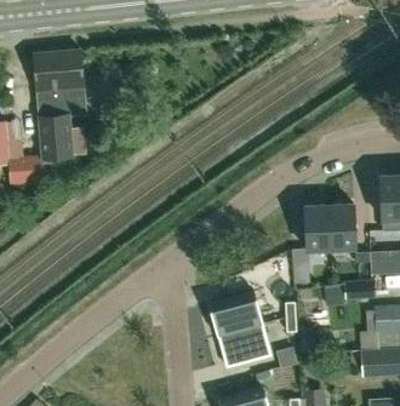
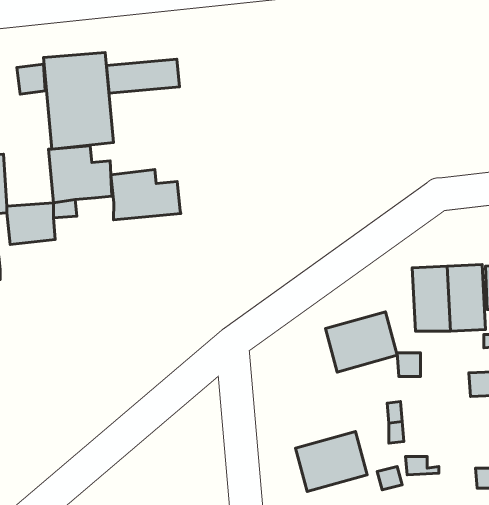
building: none -> [107,59,179,93]
building: none -> [111,169,181,220]
building: [210,293,262,337] -> [326,312,397,372]

